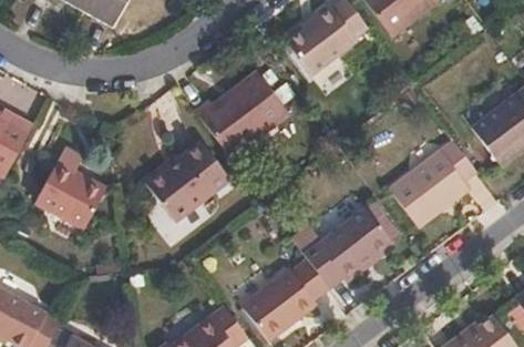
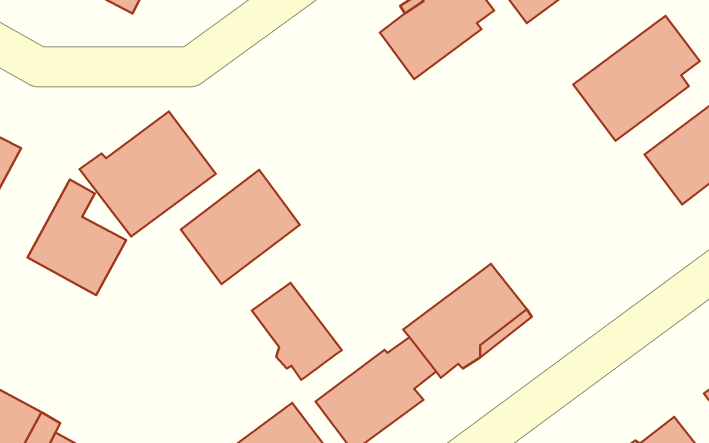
building: [194,69,290,157] -> [79,111,216,236]
building: [387,137,476,226] -> [573,16,700,141]
building: none -> [252,283,342,380]

